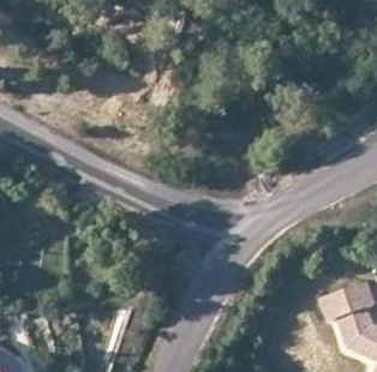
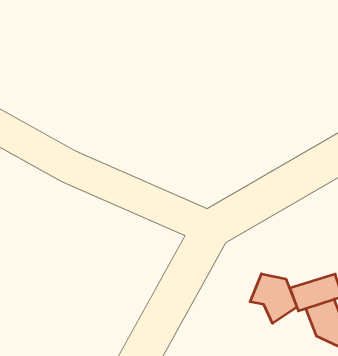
building: none -> [250,274,297,323]

